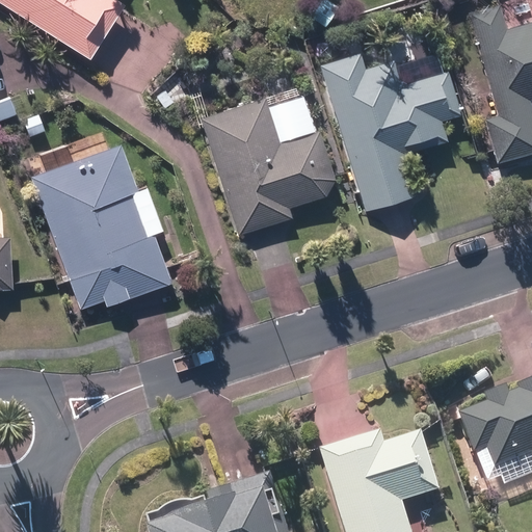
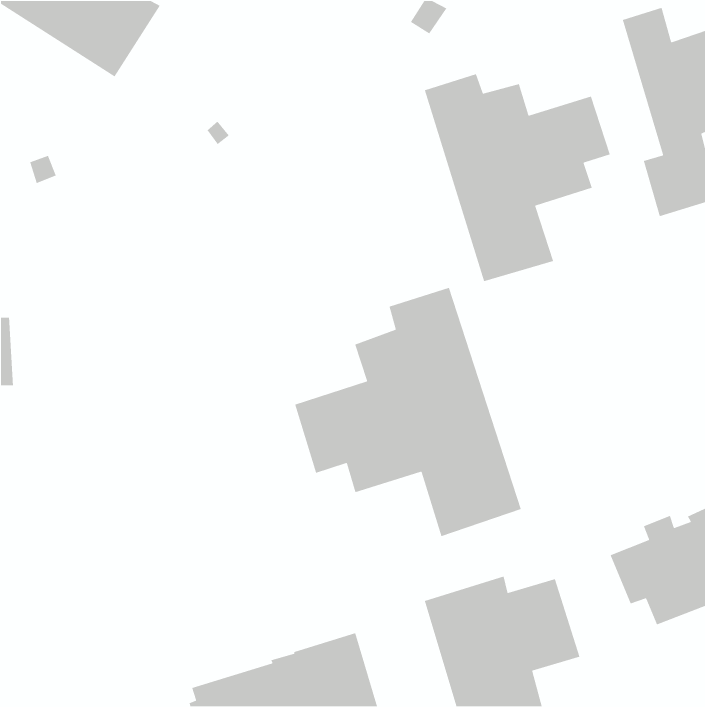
building: [203,99,334,234] -> none
building: [31,144,169,310] -> none
building: none -> [294,287,522,537]

